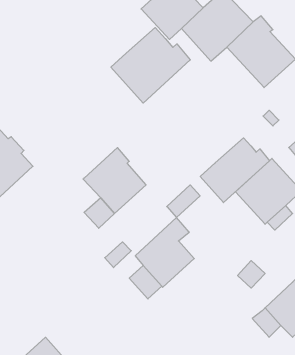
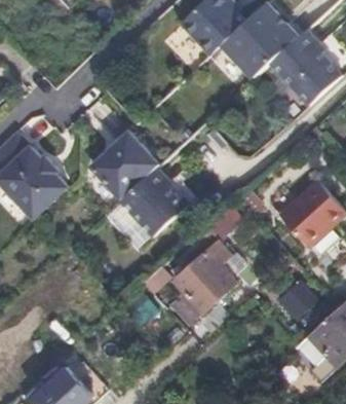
building: [111,28,190,103] -> none
building: none -> [90,130,159,198]
building: [200,138,269,203] -> none

